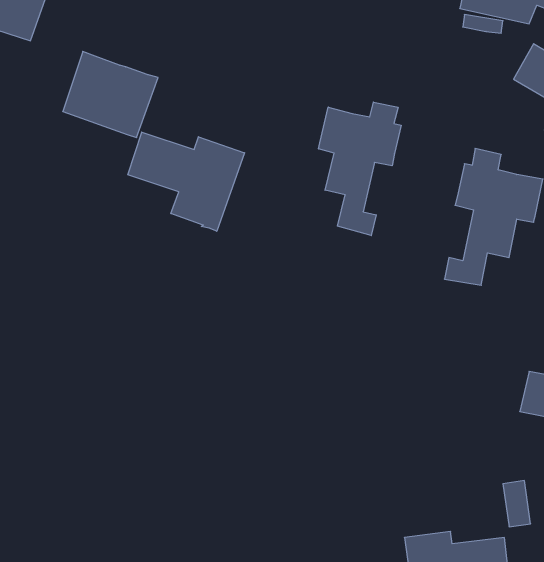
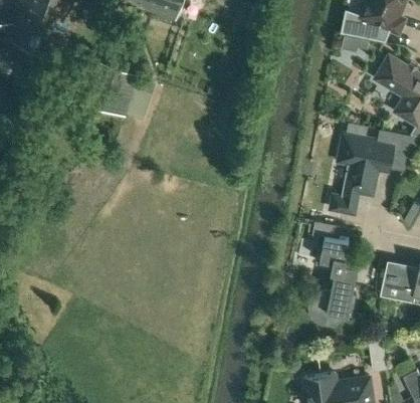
building: [319,102,401,236] -> none
building: [128,132,245,231] -> none
building: none -> [309,221,358,324]

